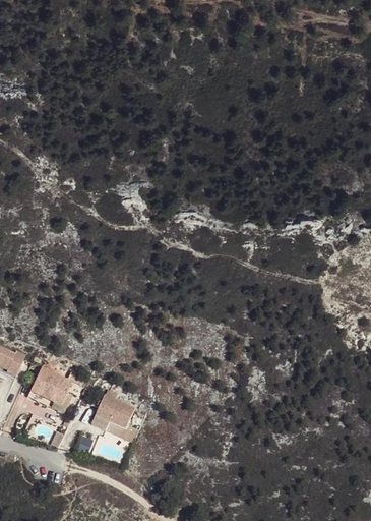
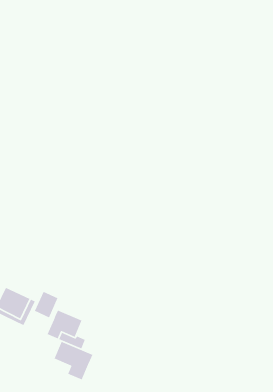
building: none -> [34,291,59,318]
building: none -> [53,341,93,381]

